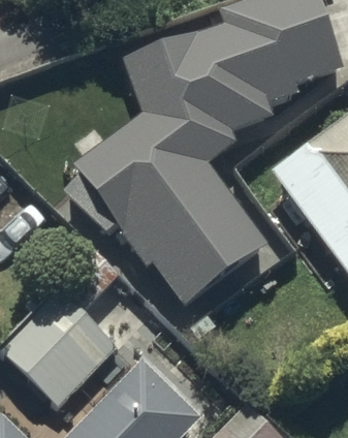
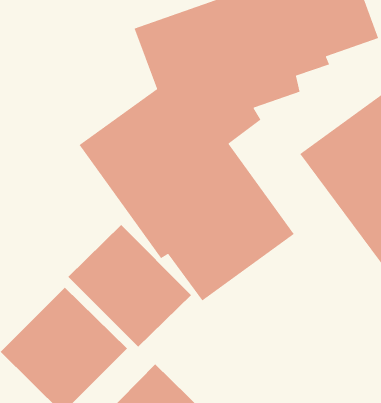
building: none -> [67,224,192,348]

